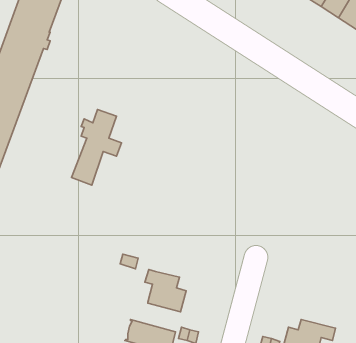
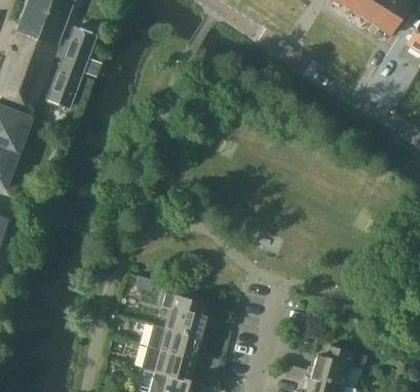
building: [72,109,121,185] -> [47,28,101,109]
building: none -> [147,324,200,359]

